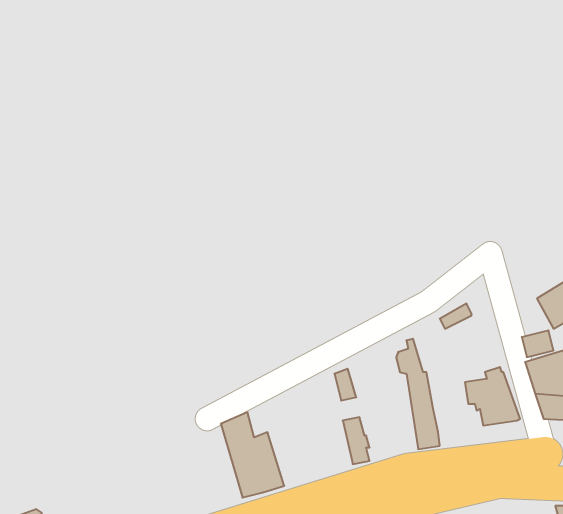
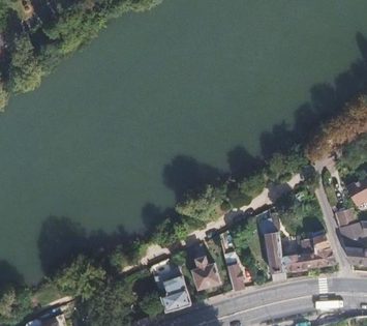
building: none -> [282,235,313,271]
building: none -> [191,243,220,290]

